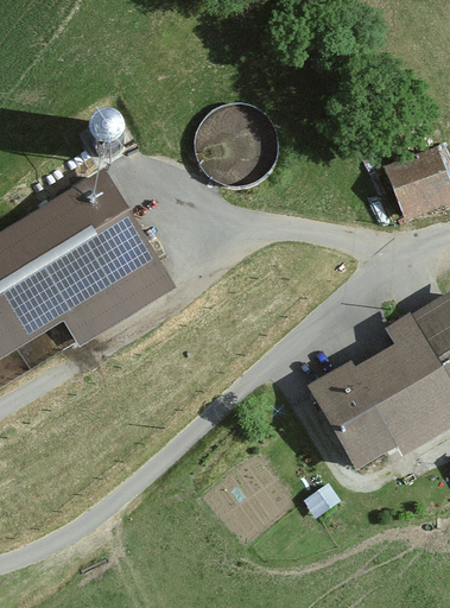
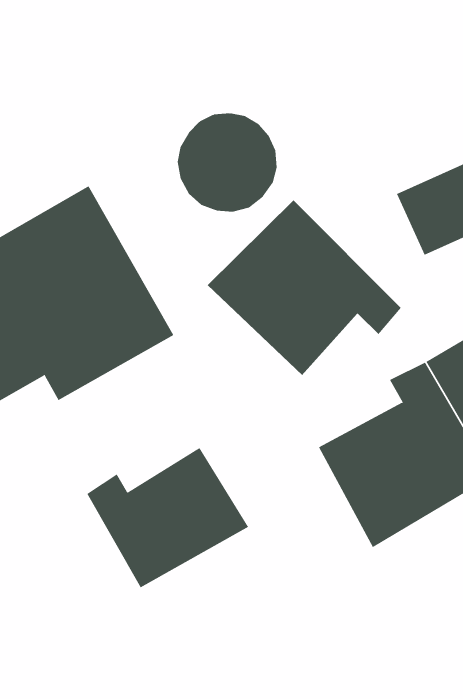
building: none -> [207,200,401,376]
building: none -> [86,447,249,588]

